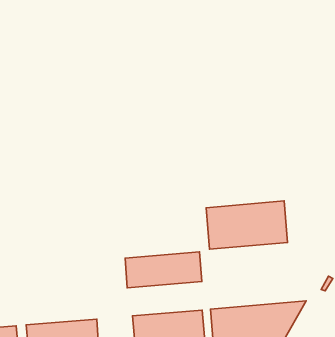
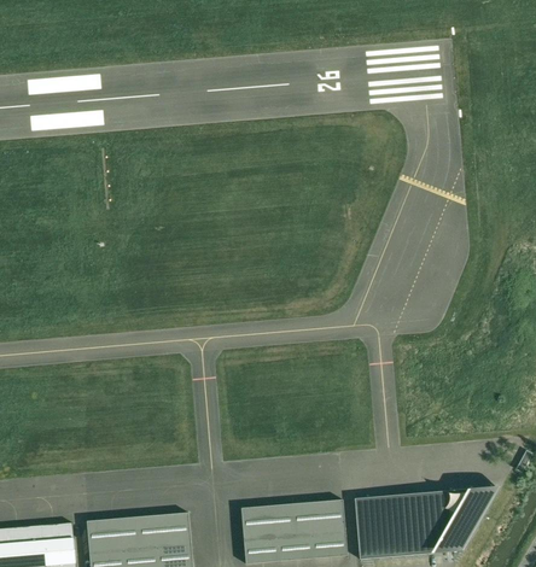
building: [206,201,288,249] -> none
building: [125,252,202,288] -> none

